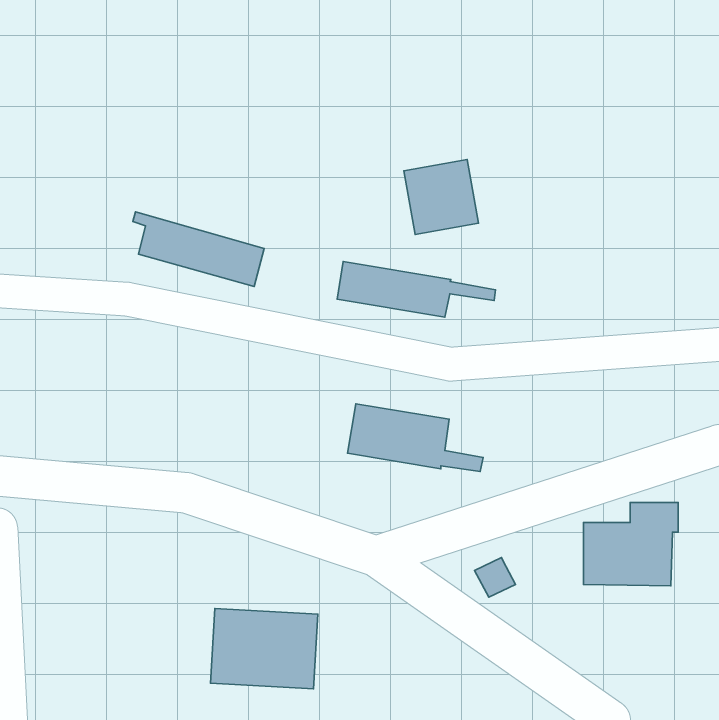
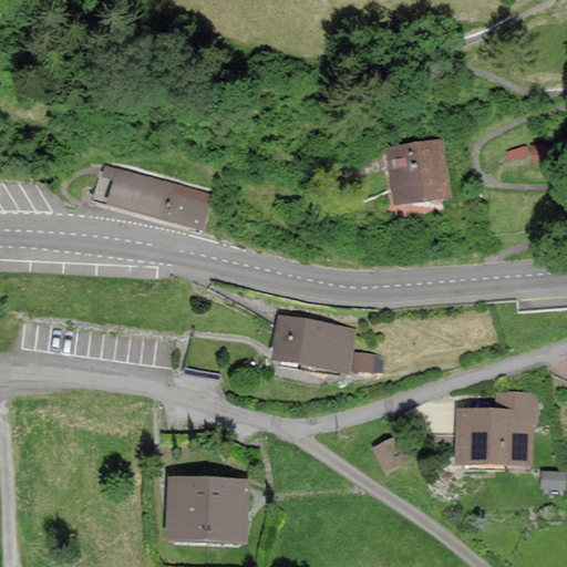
building: [404,160,479,234] -> [386,141,445,199]
building: [337,262,495,317] -> none

